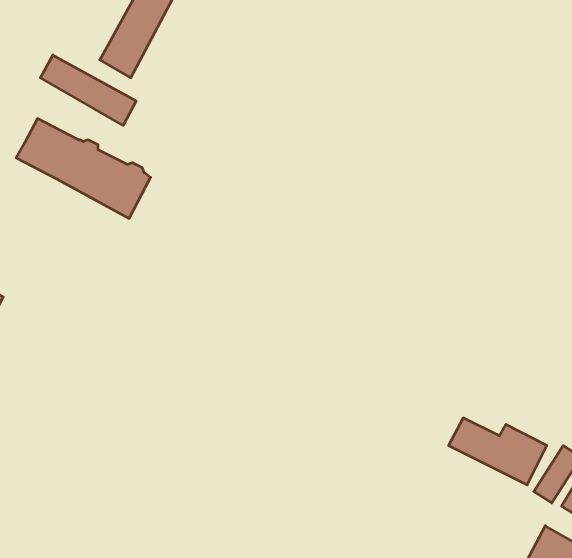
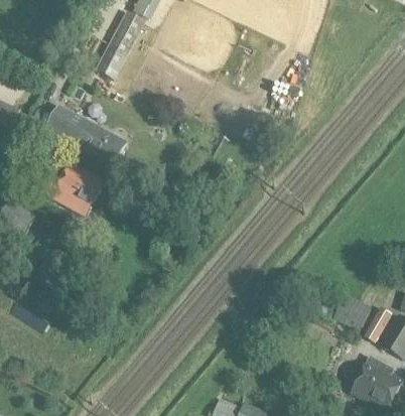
building: [40,55,136,125] -> none
building: none -> [41,160,106,216]

